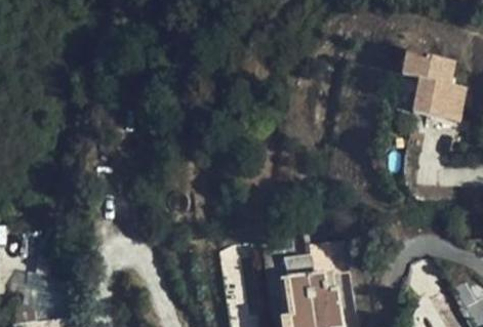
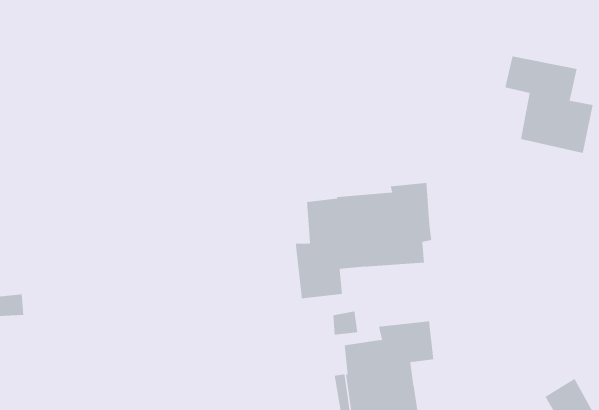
building: none -> [295,182,432,299]

